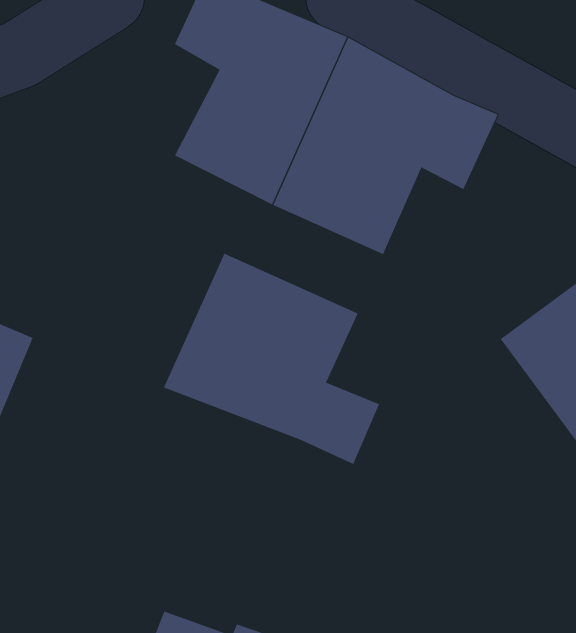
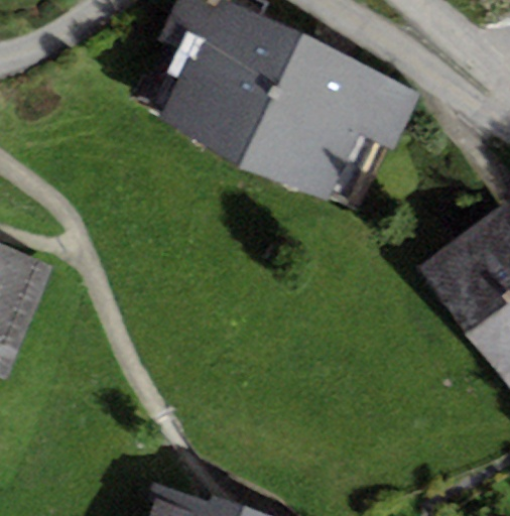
building: [163,253,380,465] -> none

